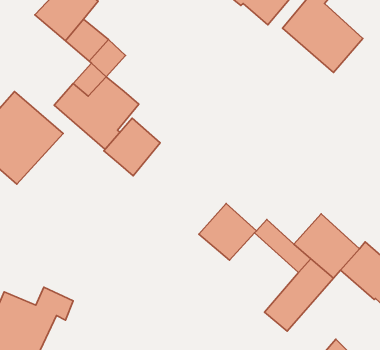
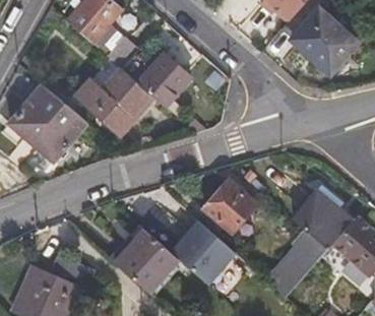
building: [104,118,160,176] -> [140,54,191,106]
building: none -> [183,215,247,278]
building: none -> [120,229,184,293]

